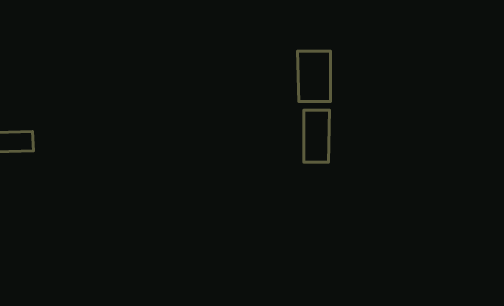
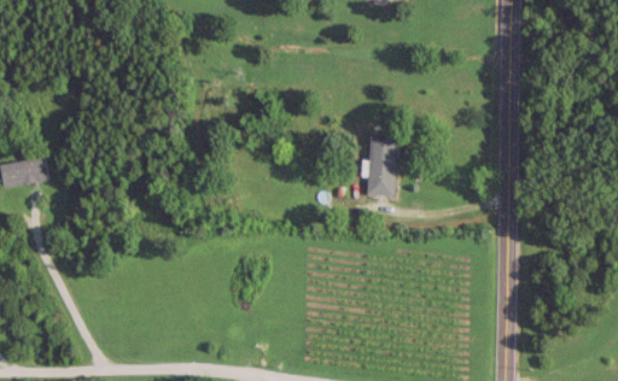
building: [297,51,330,101] -> none

